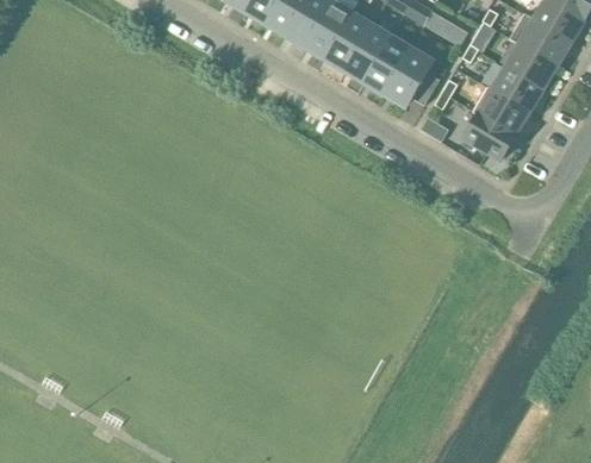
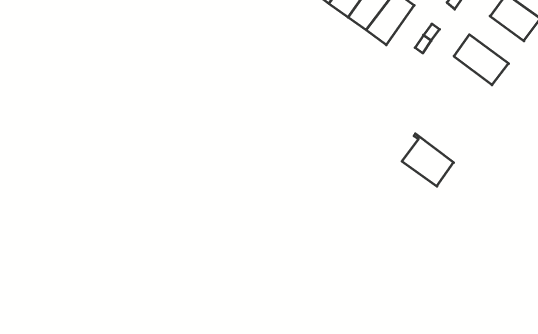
building: [487,65,542,111] -> none
building: [464,108,515,158] -> [402,134,454,186]

